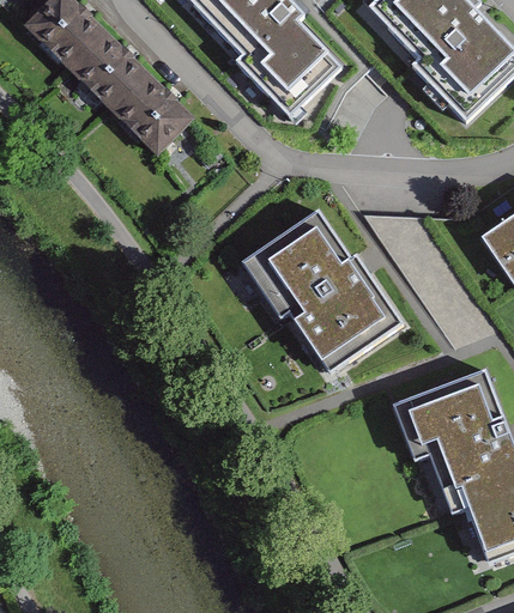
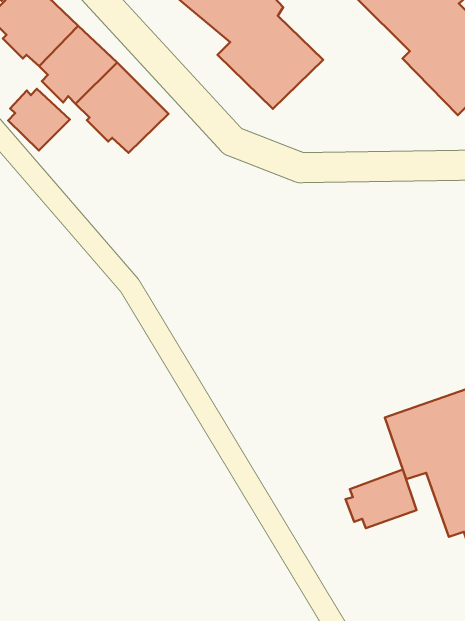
building: none -> [8,89,70,150]
building: [242,210,405,372] -> none
building: none -> [345,469,416,528]

